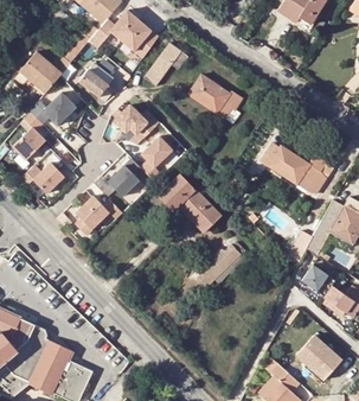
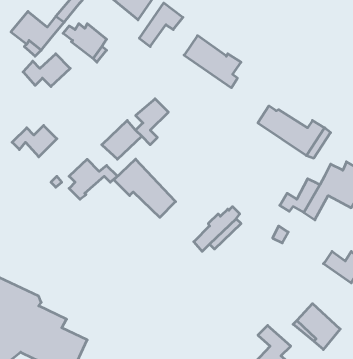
building: [114,104,159,138] -> none
building: [12,110,45,159] -> none
building: [158,174,218,231] -> [114,159,176,217]
building: [301,265,335,297] -> none

